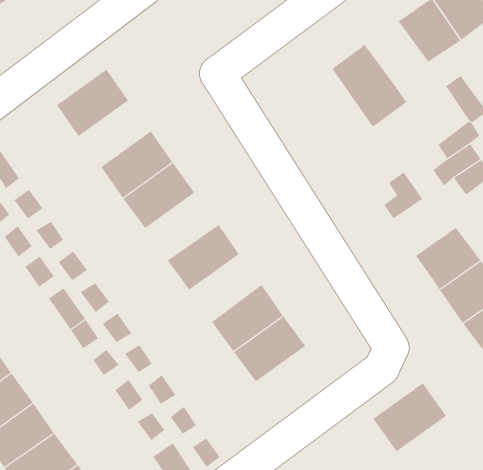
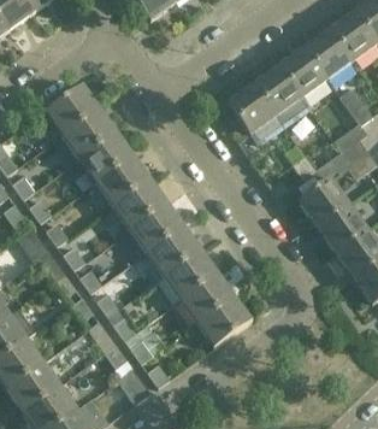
building: none -> [278,48,326,98]
building: none -> [226,84,284,145]
building: none -> [60,108,116,159]
building: none -> [111,178,167,230]
building: none -> [297,178,348,227]
building: none -> [144,225,200,277]
building: [372,382,447,452] -> [195,295,252,348]

